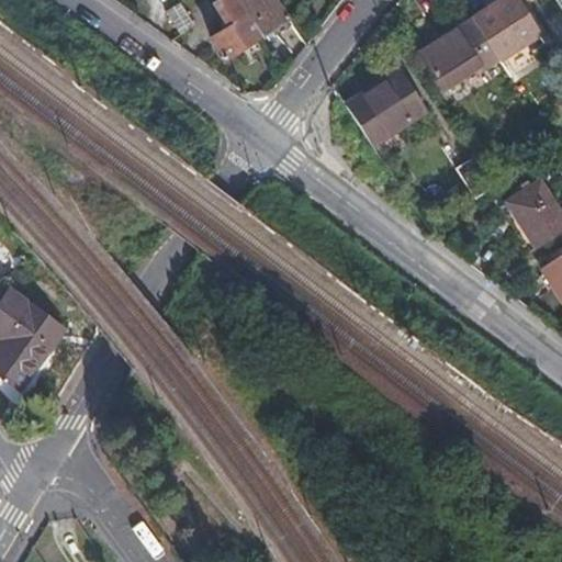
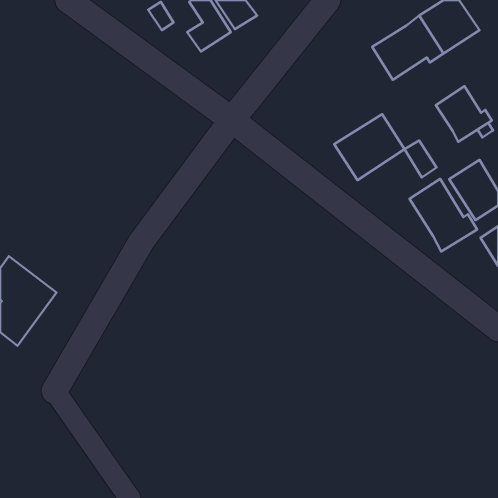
building: [346,71,425,146] -> [334,114,404,180]
building: none -> [436,86,492,142]
building: none -> [410,179,477,252]

